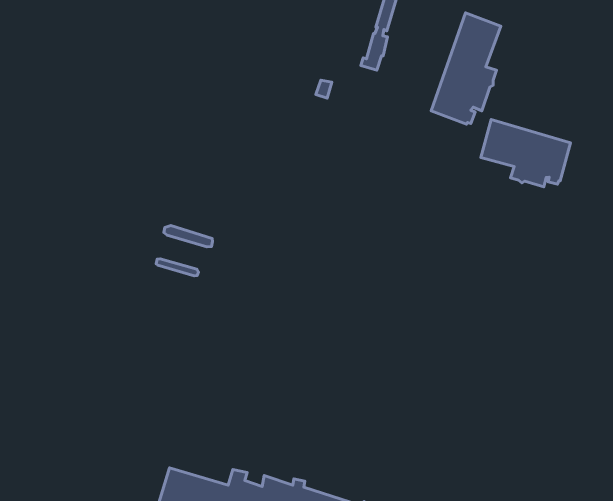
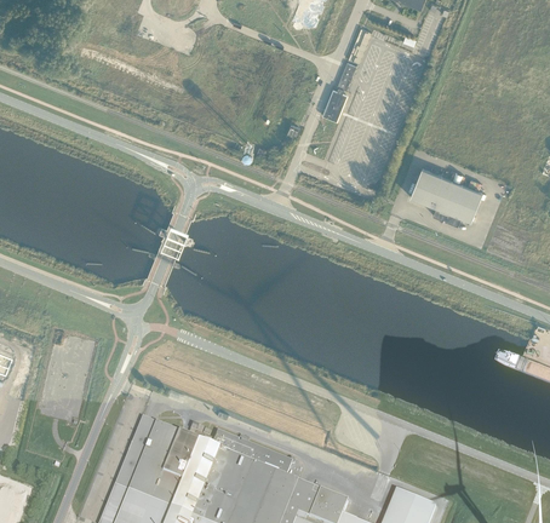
building: [431,13,501,124] -> none

